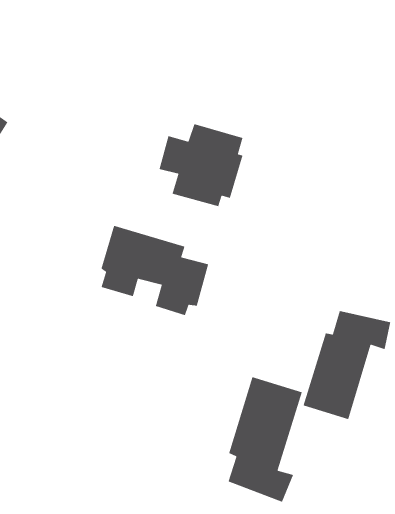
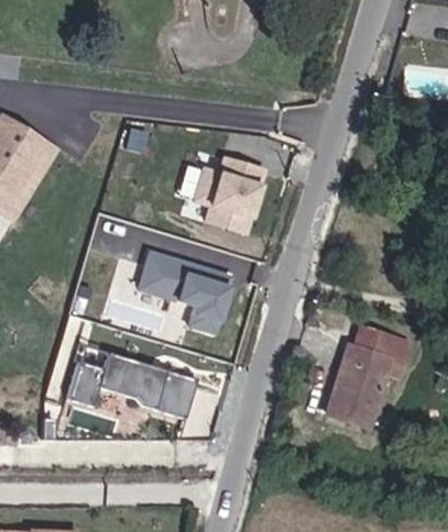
building: none -> [72,347,198,417]
building: [228,376,303,503] -> none

